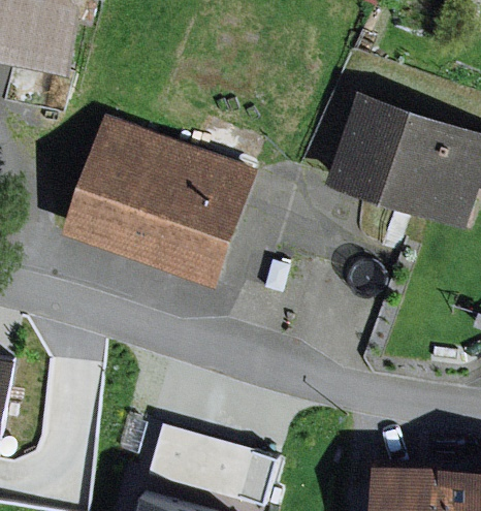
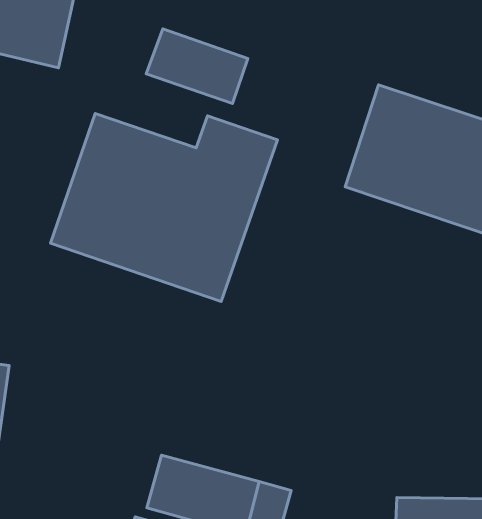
building: none -> [146,29,248,103]

